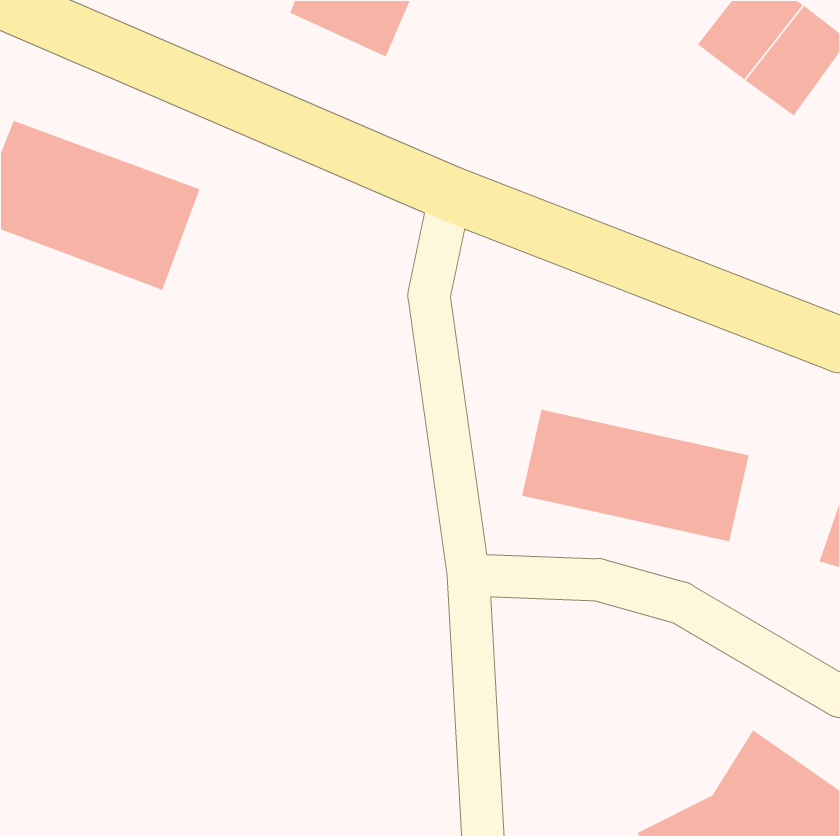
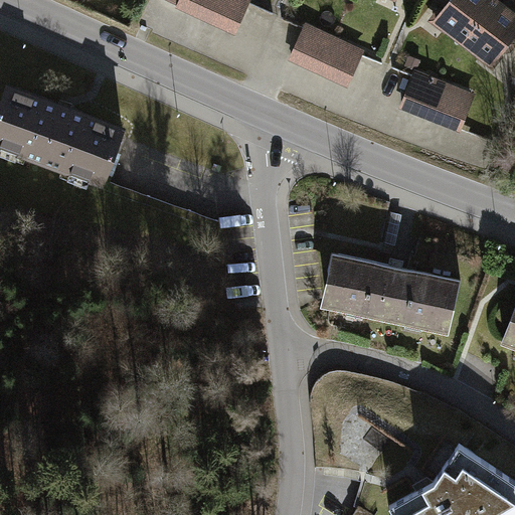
building: none -> [288,24,362,88]
building: none -> [397,68,477,133]

